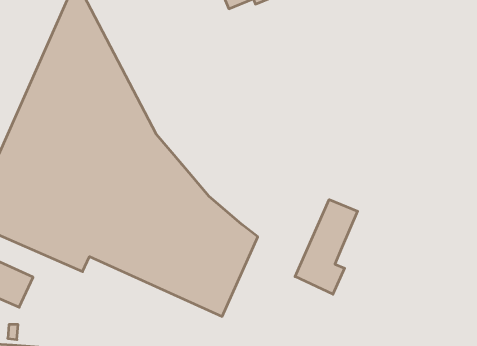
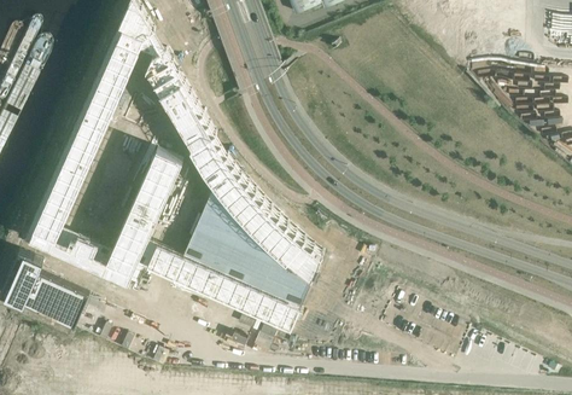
building: [295,200,358,294] -> none

